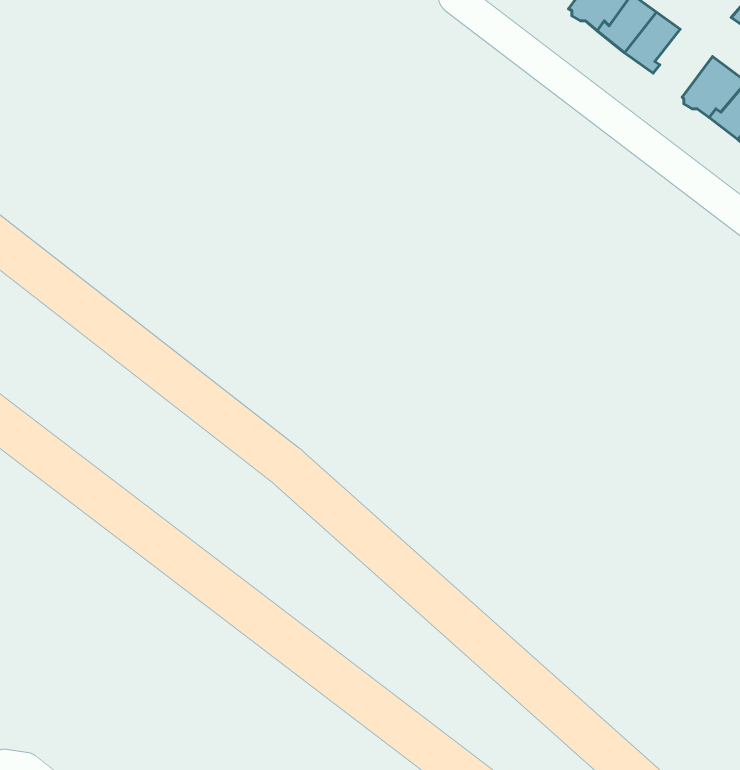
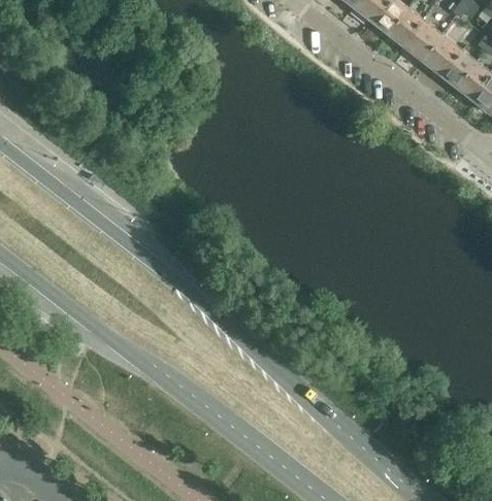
building: none -> [405,21,441,62]

